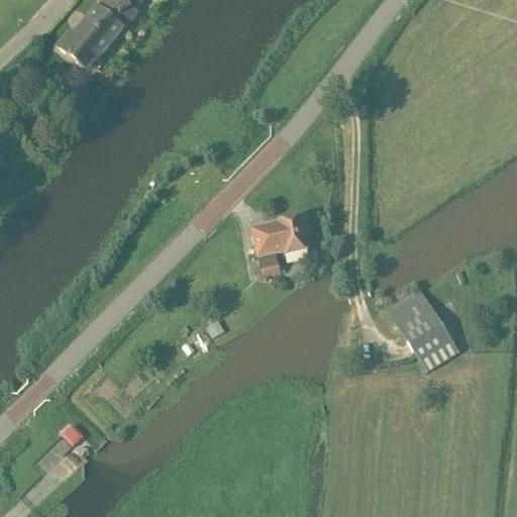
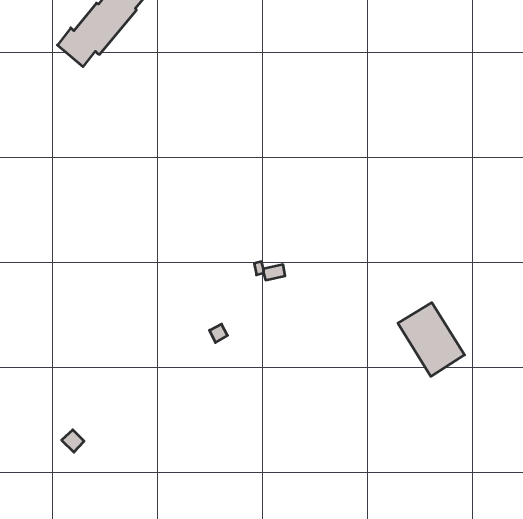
building: [253,214,309,253] -> none

